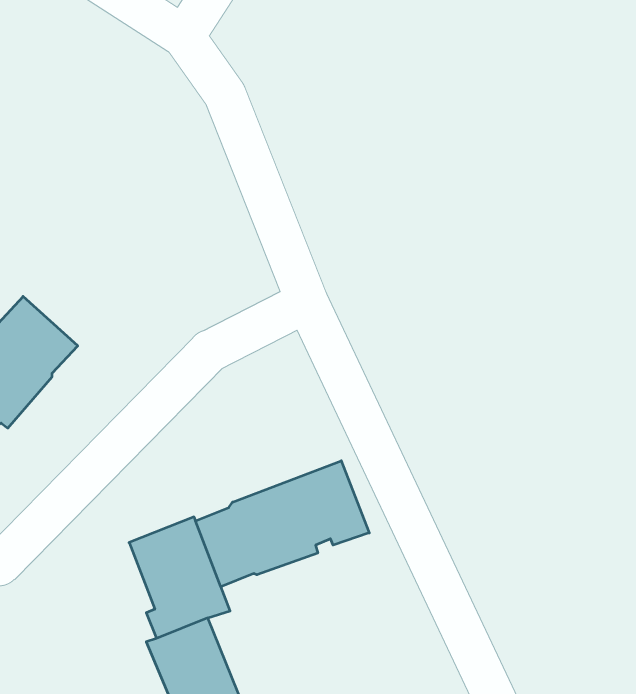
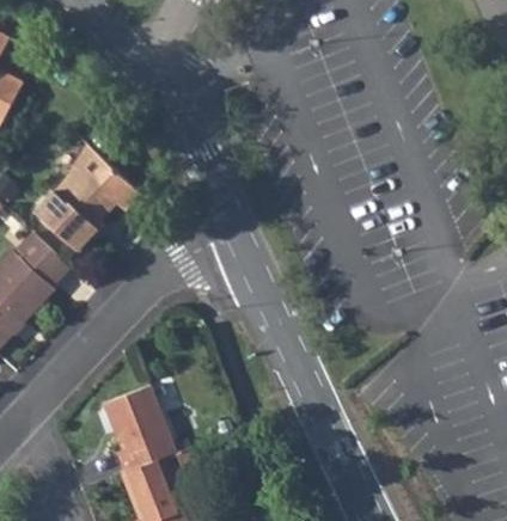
building: none -> [35,143,139,252]
building: [196,461,369,587] -> none

